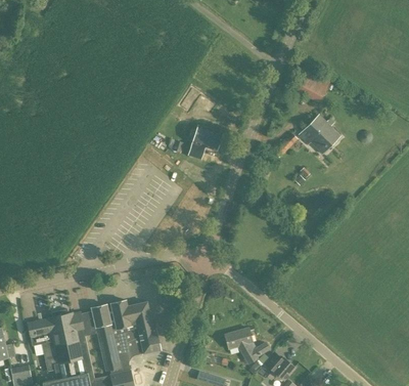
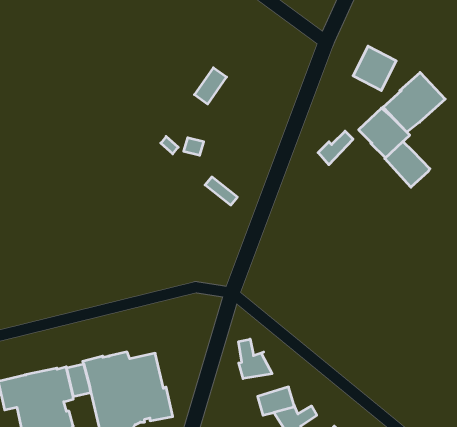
building: none -> [383,72,445,132]
building: [188,124,223,159] -> none
building: none -> [385,141,430,187]
building: none -> [239,339,272,379]

